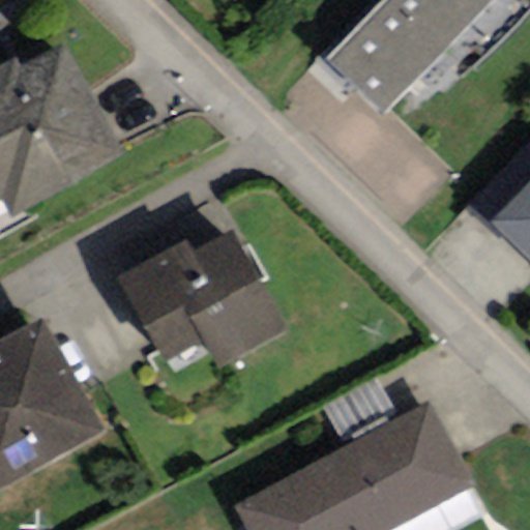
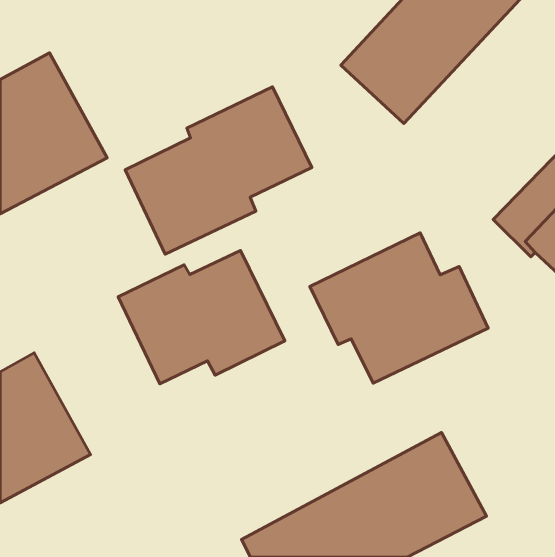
building: none -> [125,87,312,254]
building: none -> [310,233,488,383]

